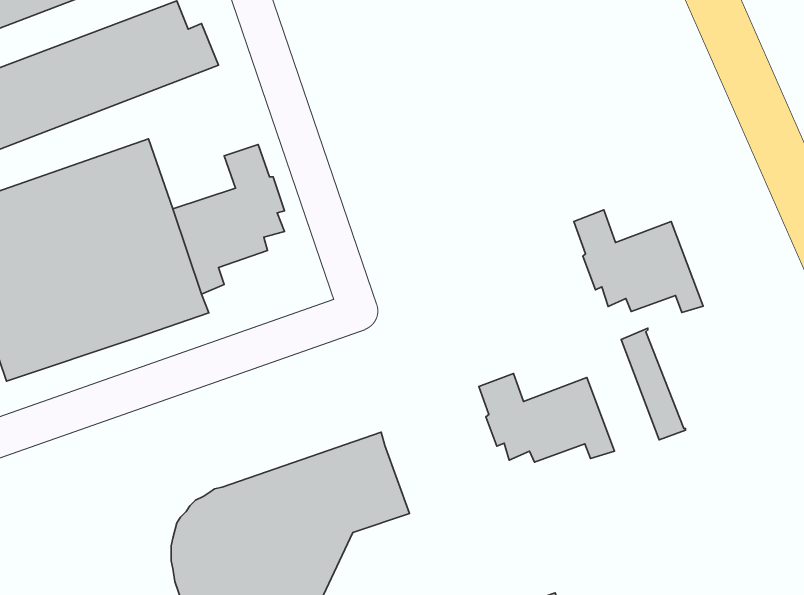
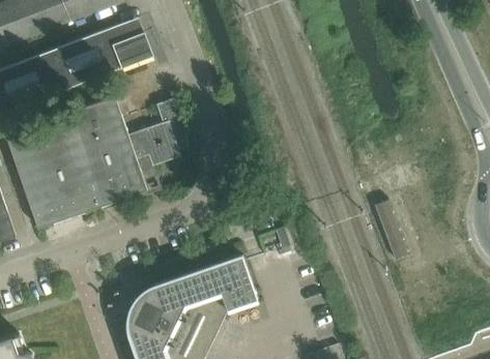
building: [574,210,703,312] -> none
building: [479,373,615,462] -> none

